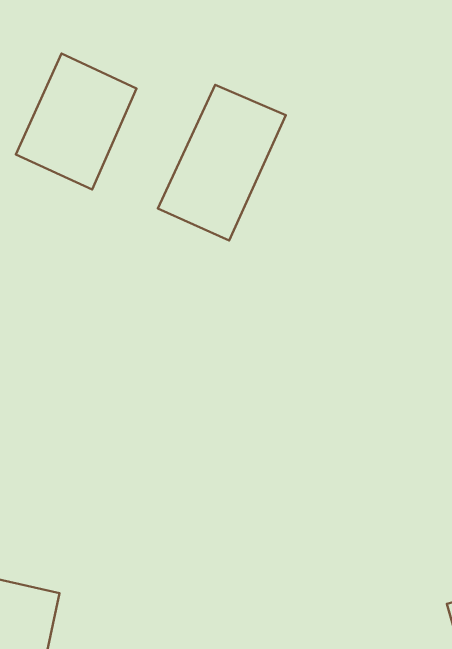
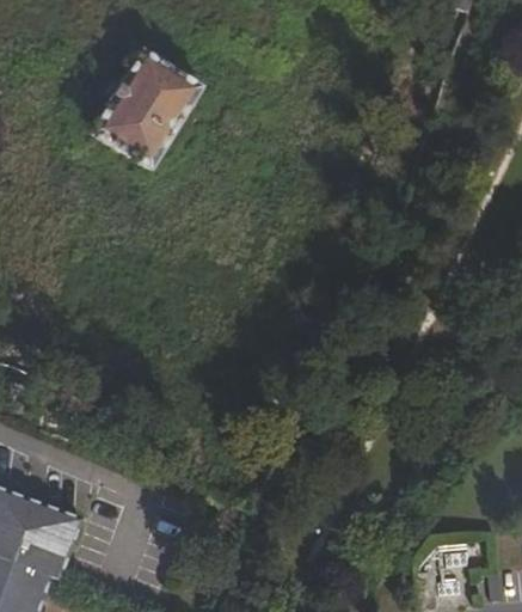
building: [158,85,286,240] -> none

